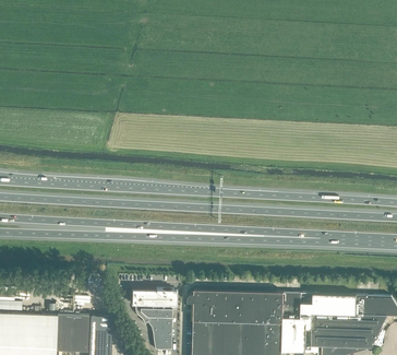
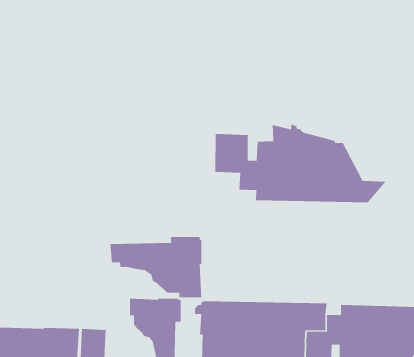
building: none -> [215,124,386,203]
building: none -> [110,236,202,298]

